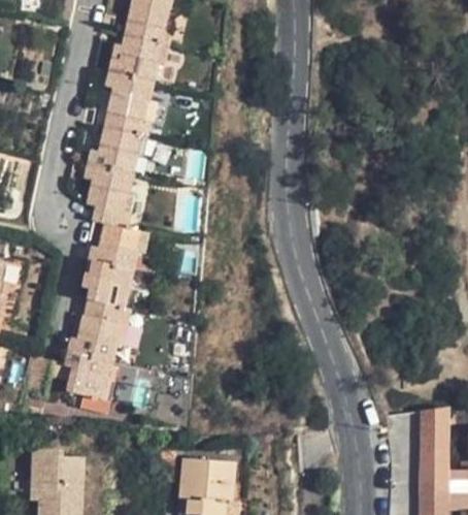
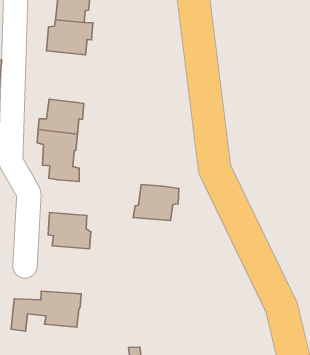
building: [106,71,156,136] -> none
building: [90,224,147,270] -> [133,185,179,220]
building: [68,300,131,361] -> none

